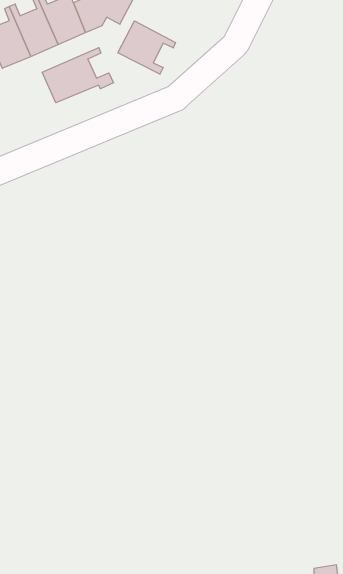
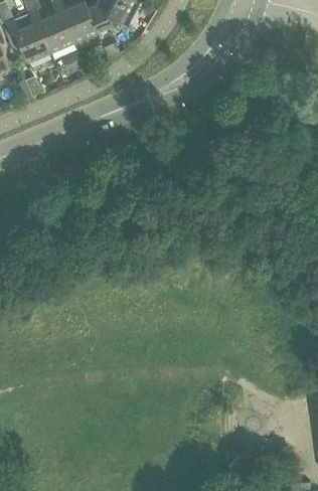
building: [118,21,175,74] -> none
building: [42,48,114,103] -> none

